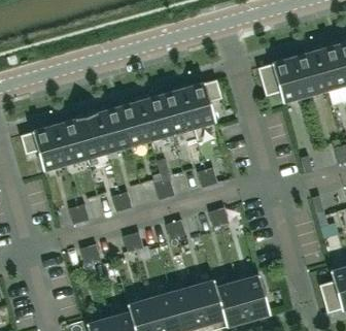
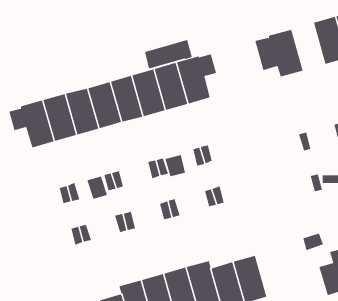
building: [293,51,325,97] -> none
building: none -> [144,39,193,69]

